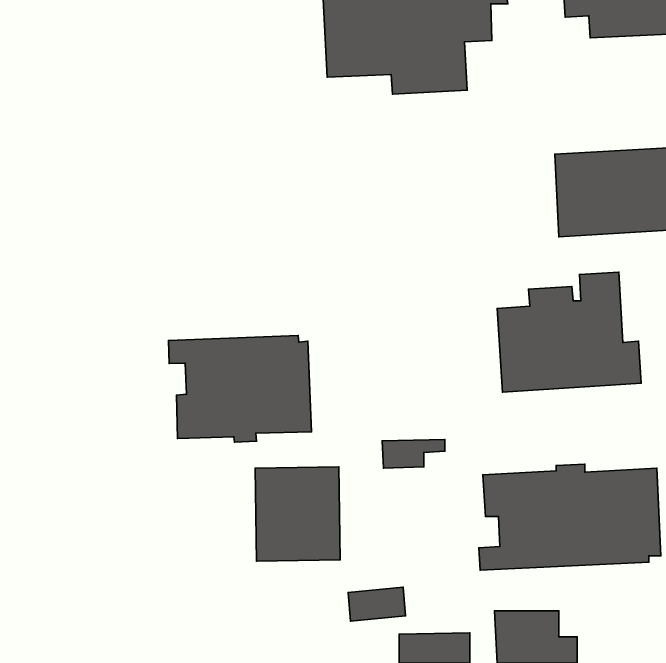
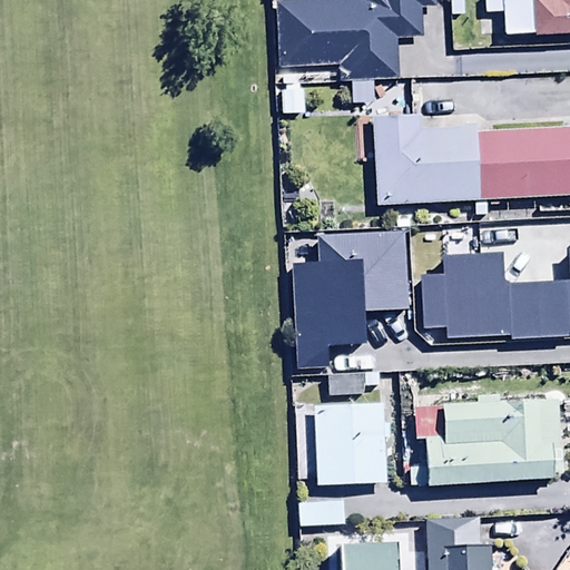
building: none -> [372,114,478,206]
building: none -> [291,232,410,366]
building: [168,335,311,442] -> none
building: [255,467,340,561] -> [314,403,386,483]

